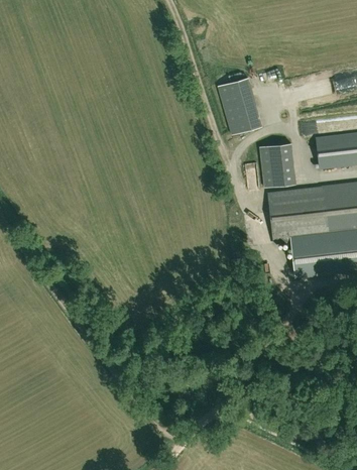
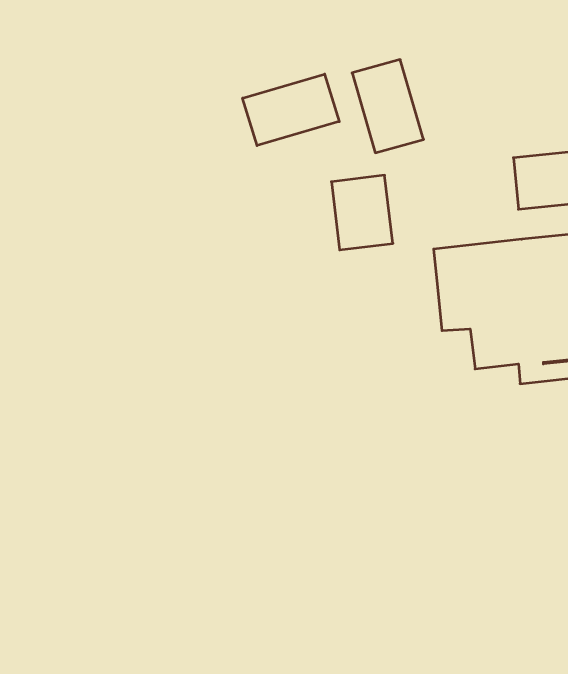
building: none -> [243,74,339,146]
building: [258,142,295,188] -> [331,175,393,250]

